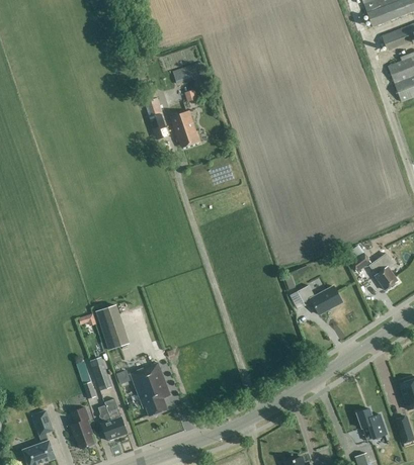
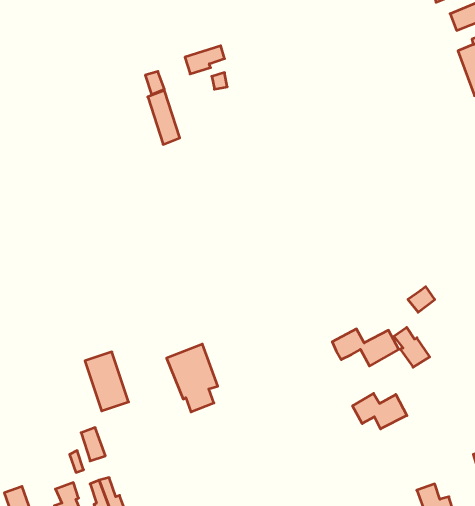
building: [170,110,200,148] -> none
building: [369,258,398,289] -> [394,327,430,367]
building: none -> [353,393,407,429]
building: [130,362,170,415] -> [167,344,218,412]

